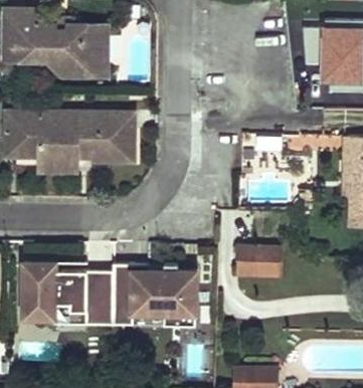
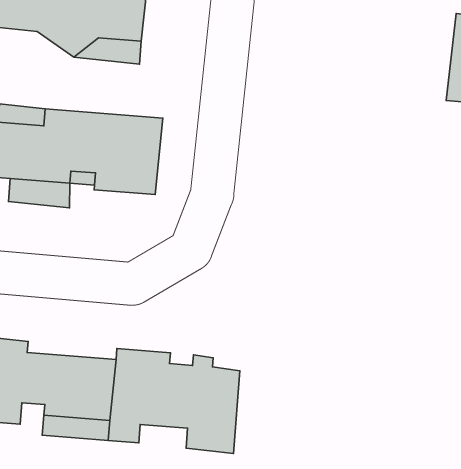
building: [235,243,277,274] -> none

